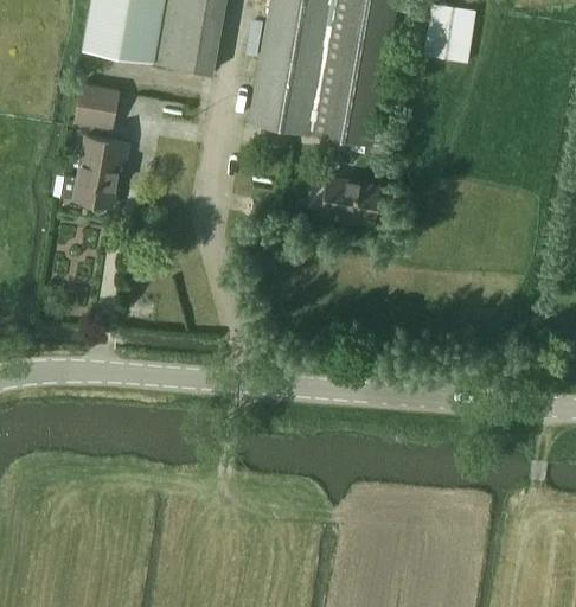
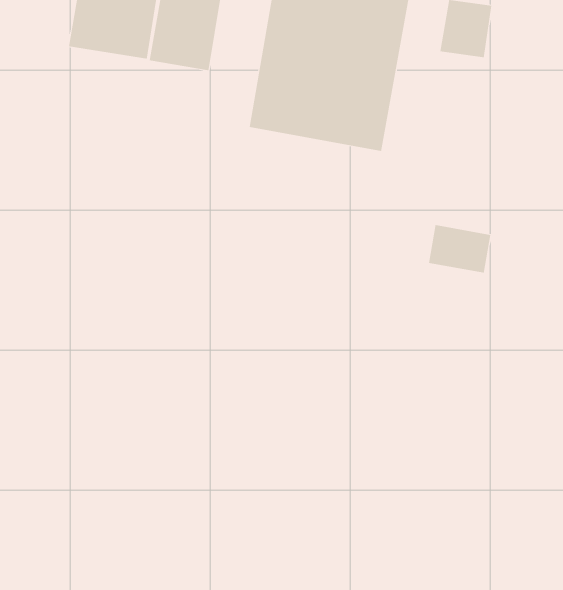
building: [75,83,119,128] -> none
building: [62,134,128,211] -> none
building: [321,177,379,222] -> [428,225,491,273]

